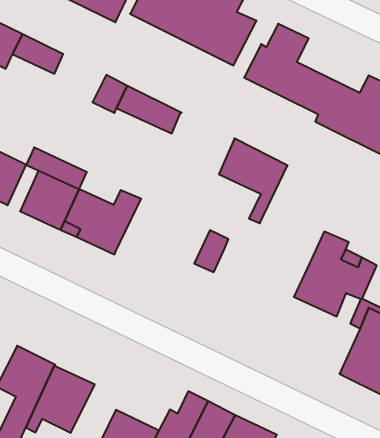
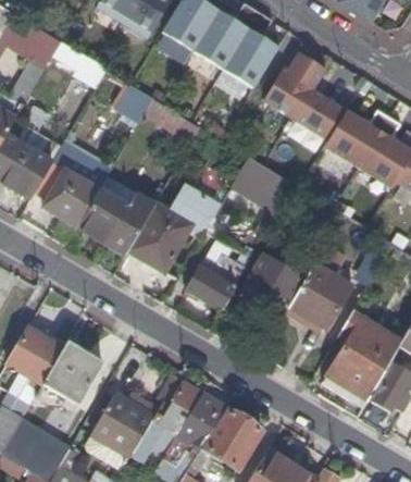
building: none -> [128,184,220,270]
building: none -> [238,252,307,320]
building: none -> [187,256,247,308]

